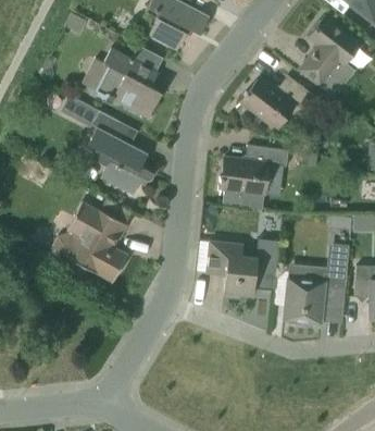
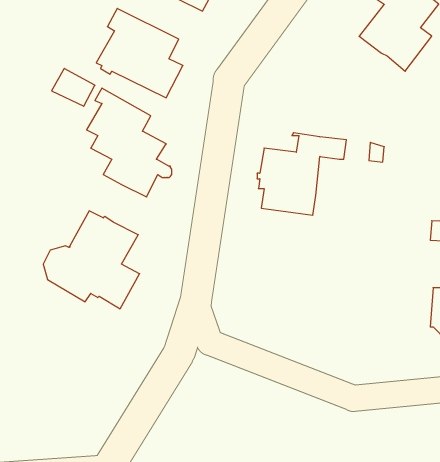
building: [240,75,313,128] -> none
building: [205,238,279,298] -> none
building: [283,243,349,323] -> none

